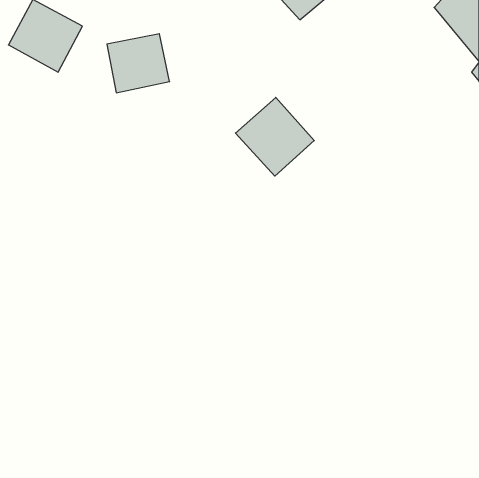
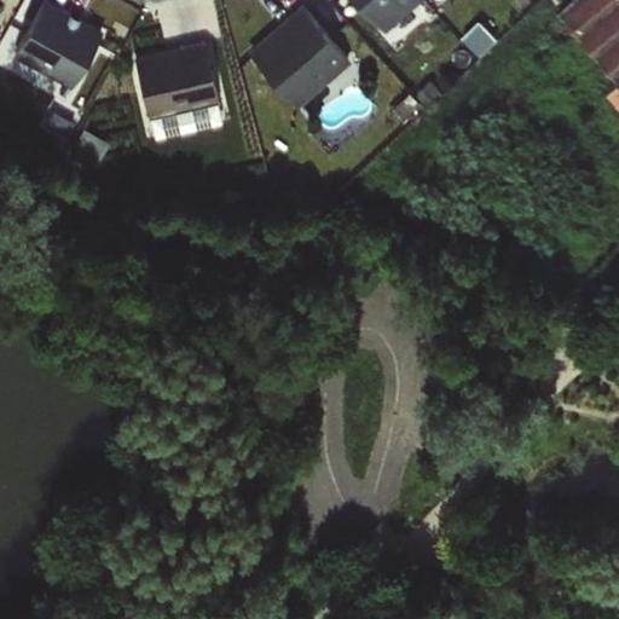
building: [235,97,314,176] -> [250,10,352,111]

